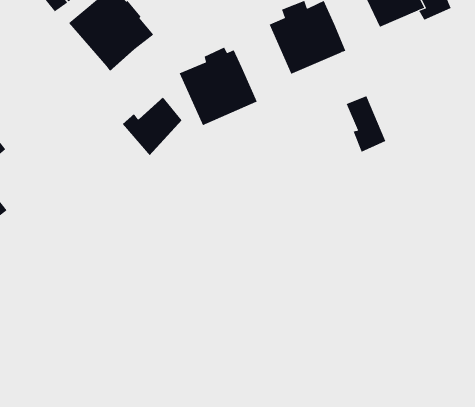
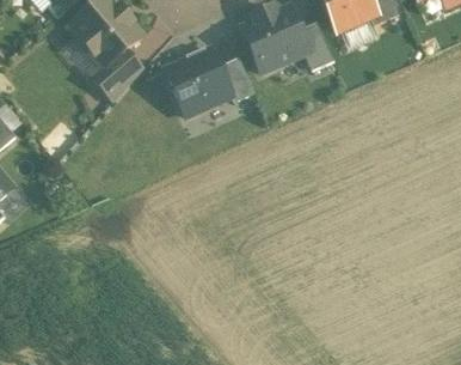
building: none -> [219,56,254,102]
building: [346,96,386,152] -> [299,20,333,69]
building: [122,97,183,156] -> [90,49,142,101]

